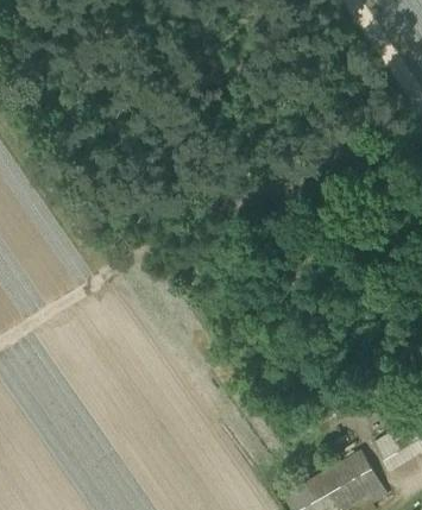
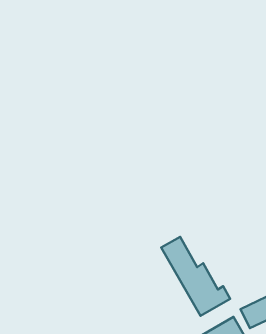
building: none -> [161,237,230,316]

